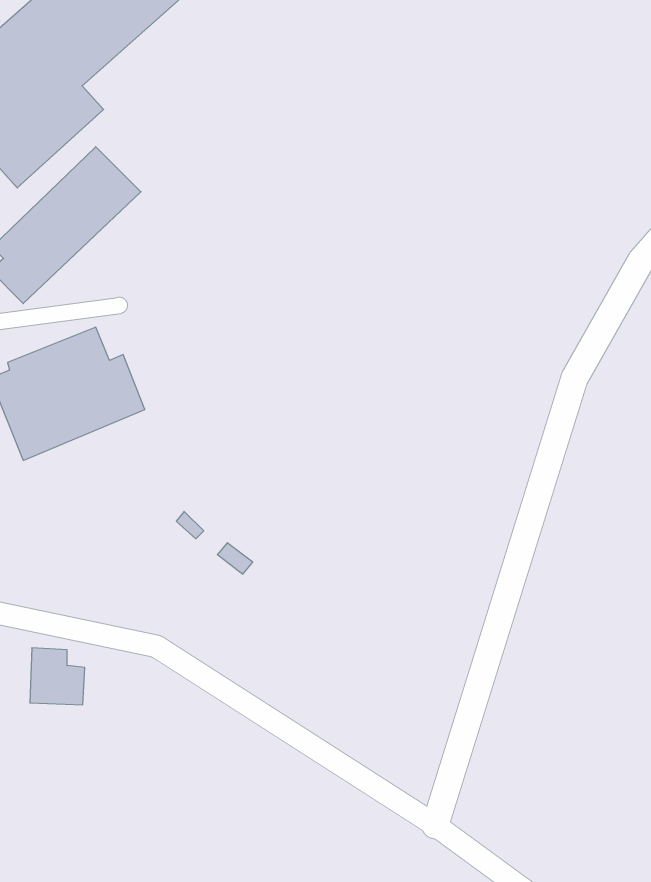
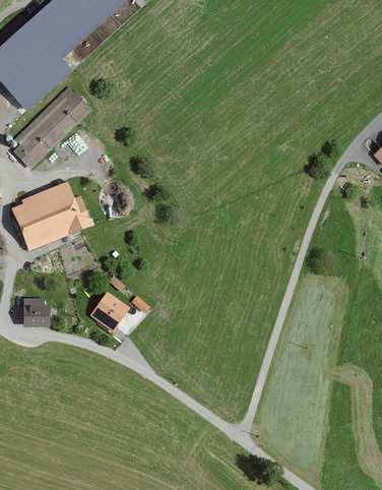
building: none -> [90,293,130,332]
building: [30,648,85,705] -> [25,298,54,327]

